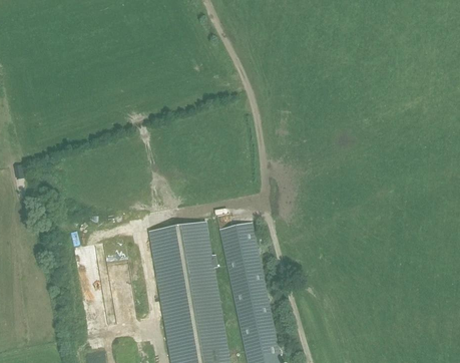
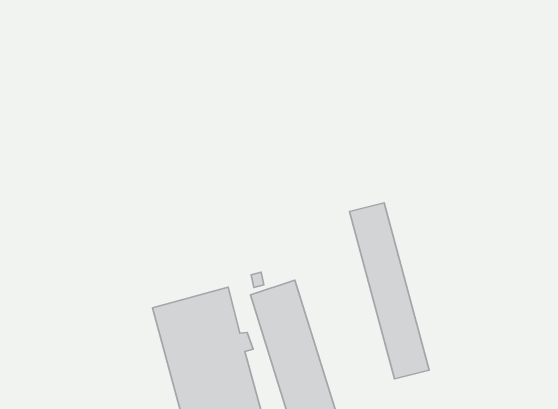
building: none -> [349,203,429,379]

